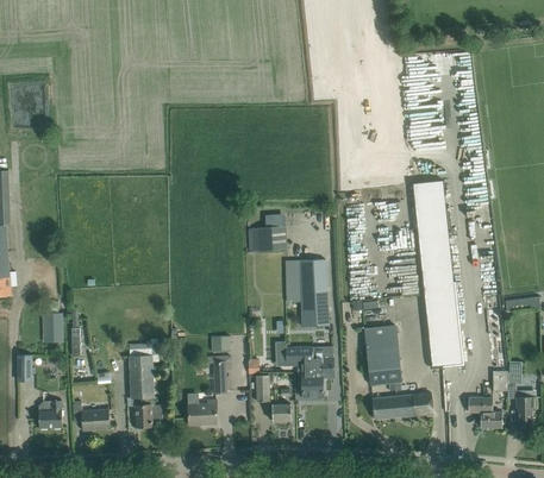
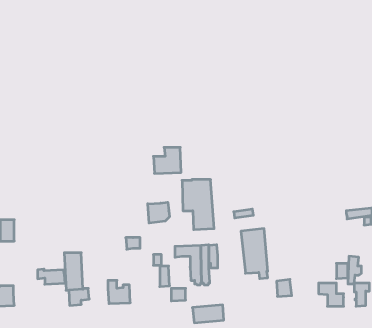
building: [413,180,462,366] -> none
building: none -> [148,202,169,223]
building: [206,356,230,394] -> none
building: [371,395,413,419] -> [192,305,224,323]
building: [73,409,110,429] -> [38,269,65,284]

